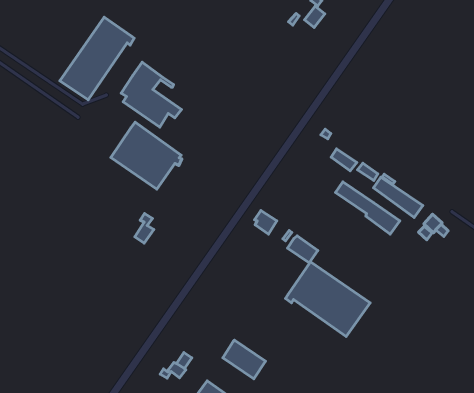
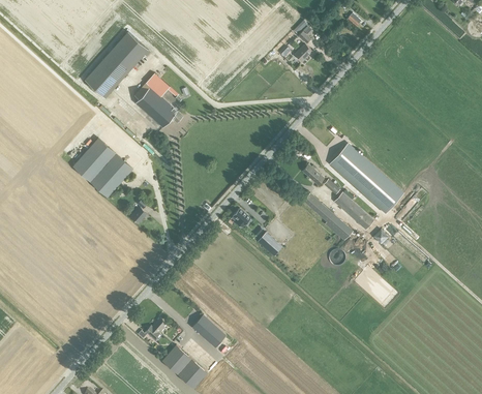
building: none -> [331,145,402,212]
building: [111,122,182,189] -> [73,139,132,196]
building: [286,262,370,336] -> none

